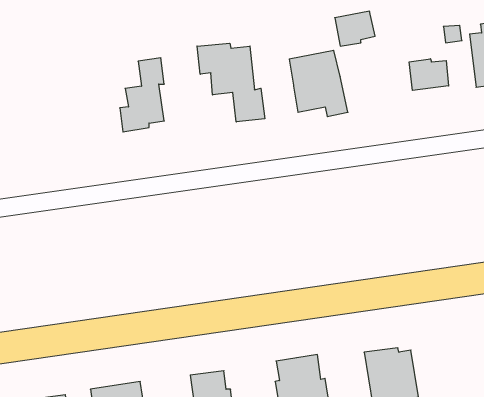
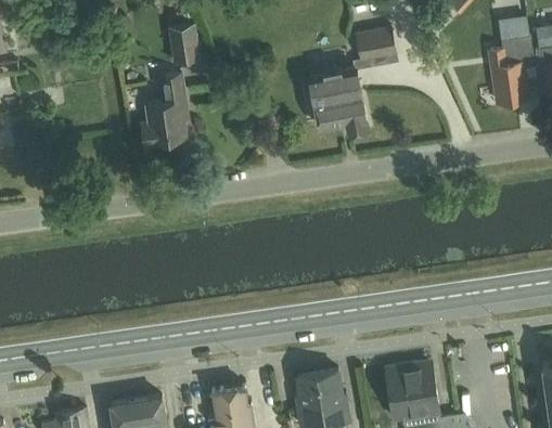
building: none -> [168,23,198,62]
building: [197,43,265,122] -> none
building: [409,59,449,90] -> none

